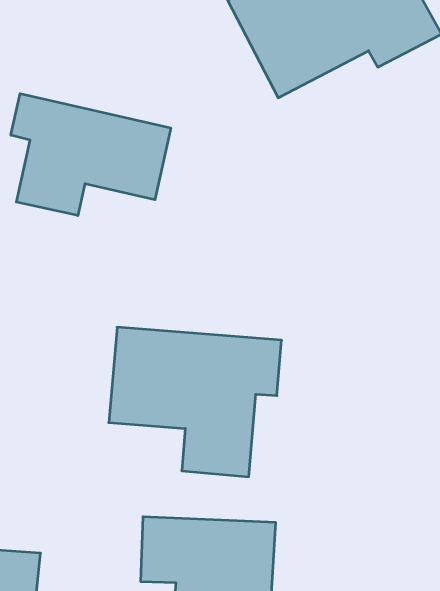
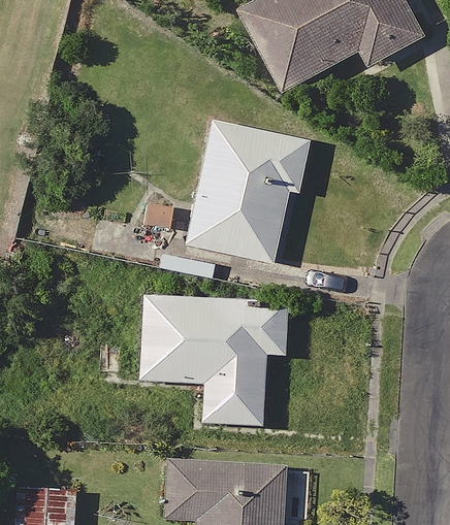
building: [11,94,171,216] -> none
building: none -> [185,119,310,262]

